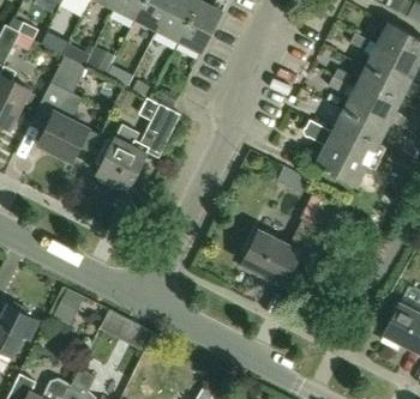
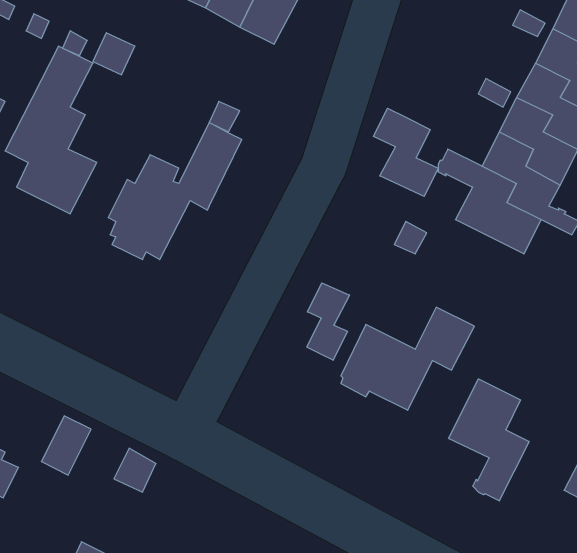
building: none -> [373,108,438,196]
building: none -> [307,283,350,360]
building: none -> [449,379,529,501]

